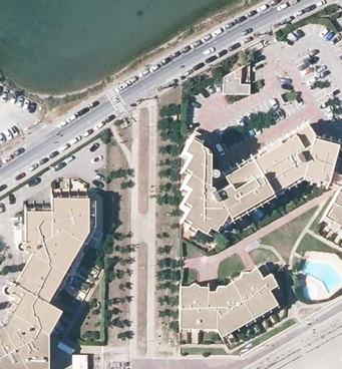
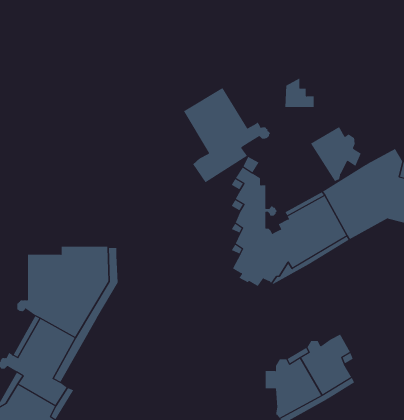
building: none -> [183,87,271,183]
building: none -> [310,126,361,182]
building: [182,283,219,323] -> none

